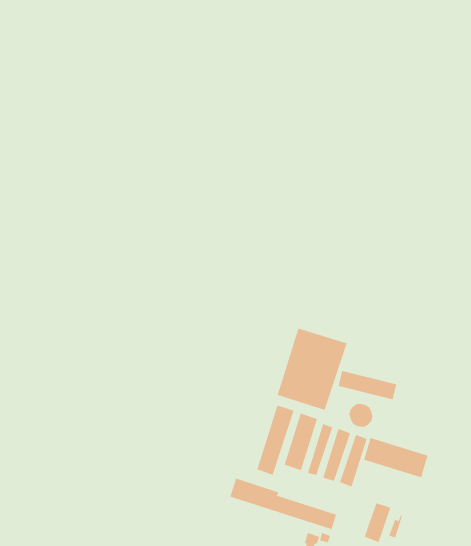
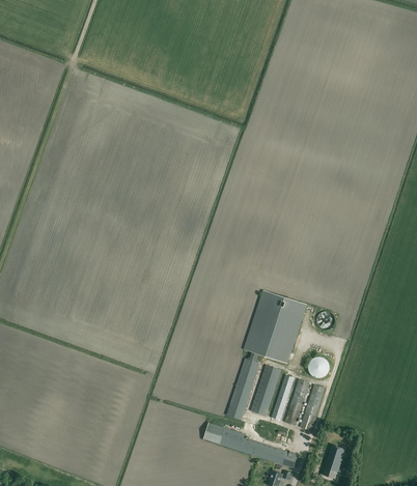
building: [338,370,397,400] -> none
building: [363,437,428,478] -> none

